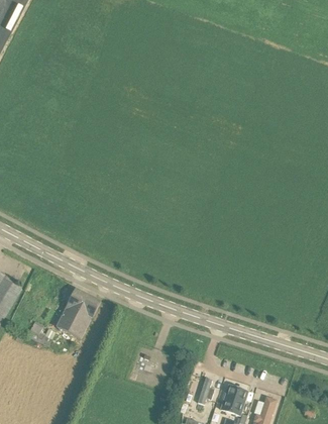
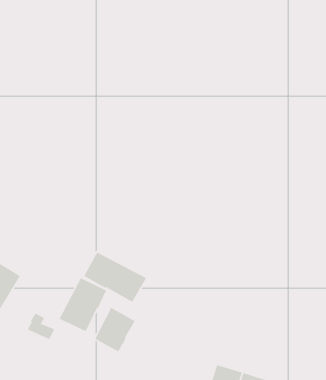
building: none -> [83,251,147,303]
building: none -> [94,307,136,353]

